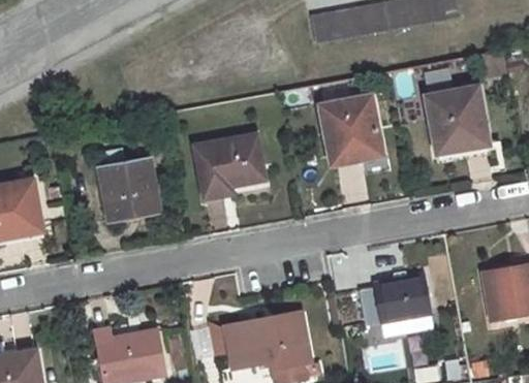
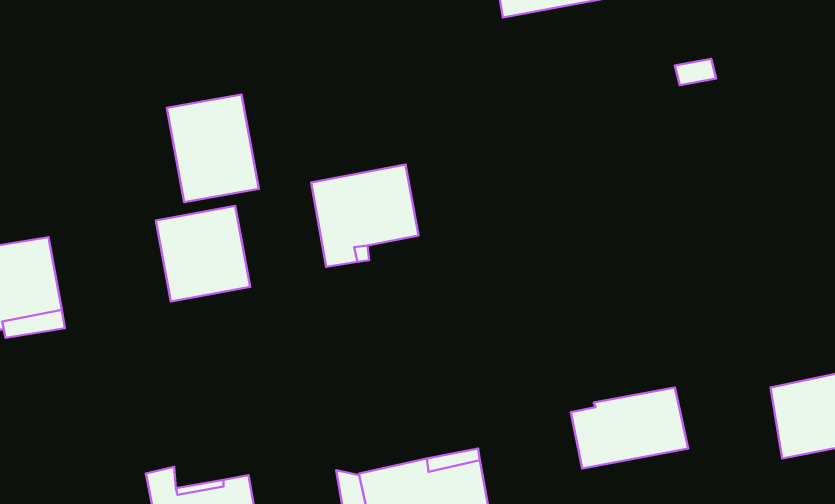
building: [427,88,488,150] -> none
building: none -> [167,95,259,202]
building: [321,96,378,164] -> none

